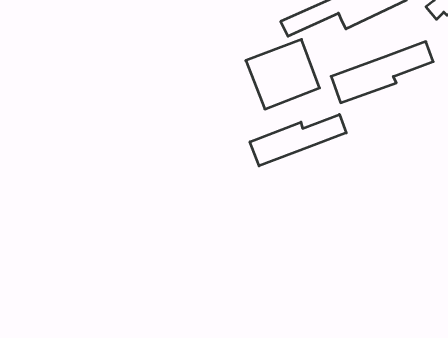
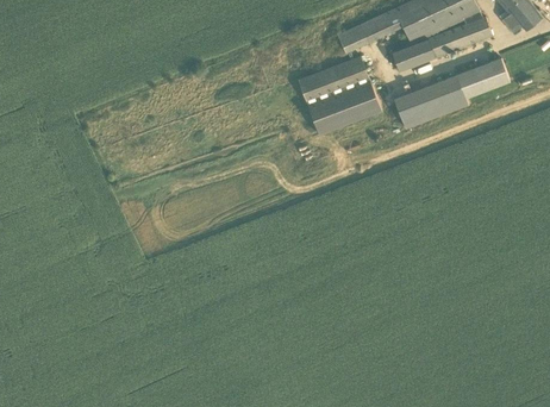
building: none -> [390,17,492,73]
building: [250,114,346,166] -> none

